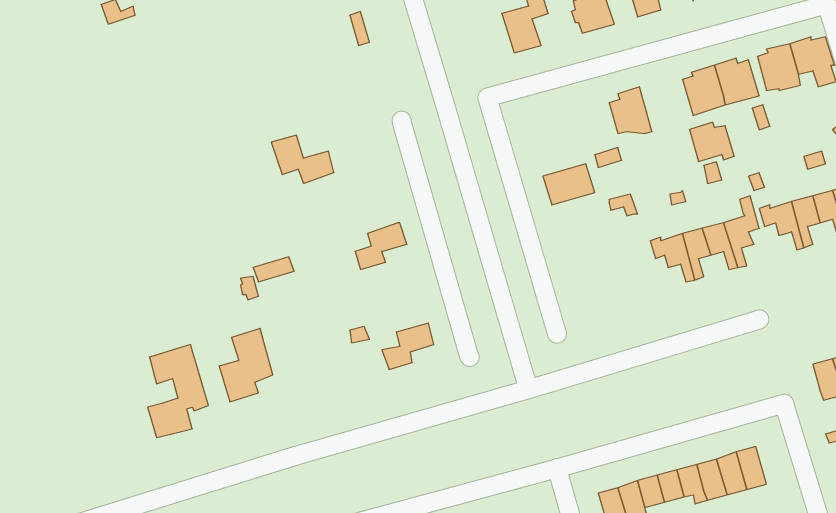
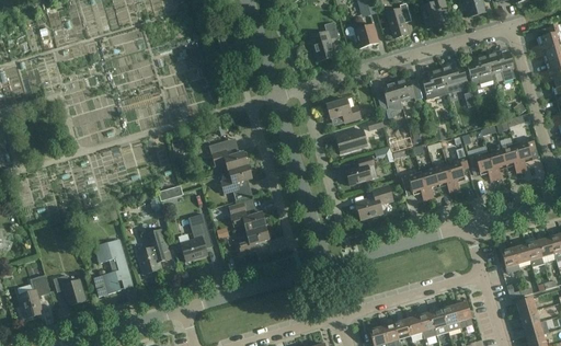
building: none -> [327,99,360,123]
building: [690,122,734,162] -> [394,77,422,101]
building: [271,135,334,183] -> [208,141,247,171]
building: none -> [345,155,374,185]
building: none -> [355,185,393,219]
building: none -> [228,203,265,231]
building: none -> [180,214,211,262]
building: none -> [19,275,50,318]
building: none -> [53,275,84,304]

